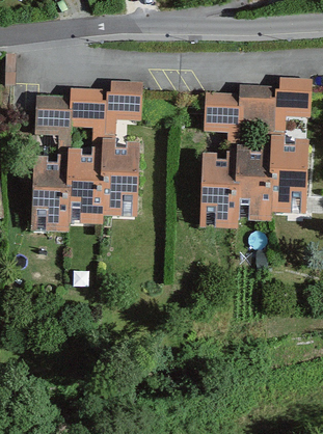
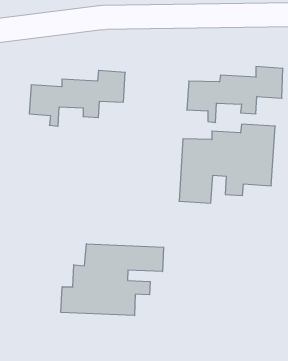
building: [34,142,137,227] -> none
building: none -> [61,244,164,316]

